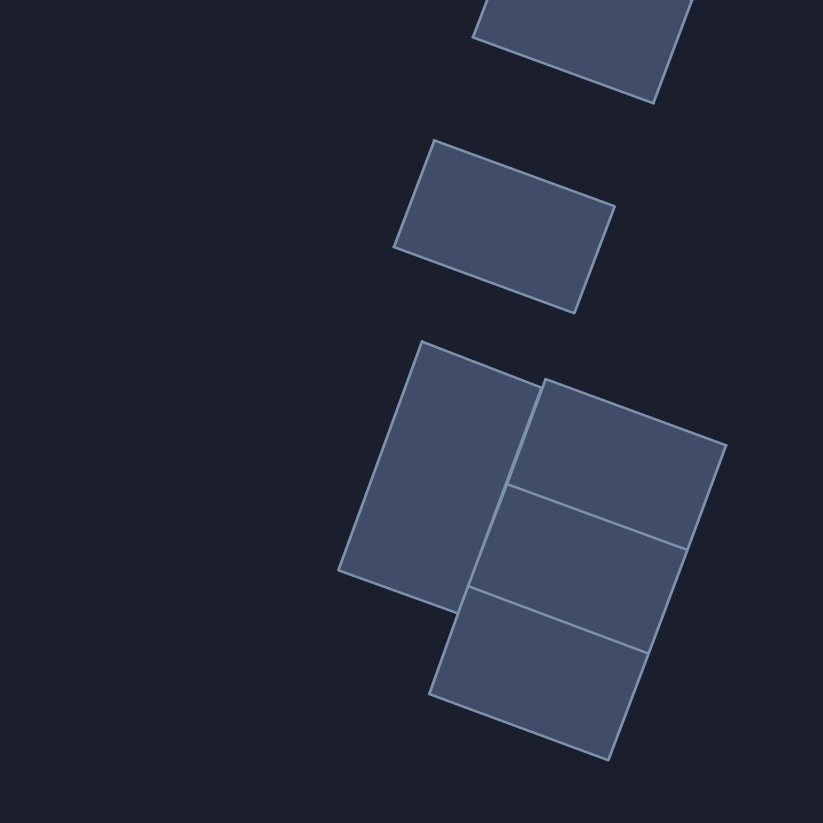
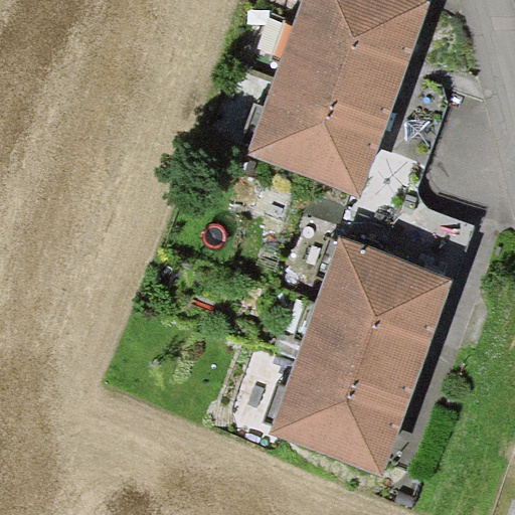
building: none -> [271,23,407,129]
building: [339,341,542,613] -> none

